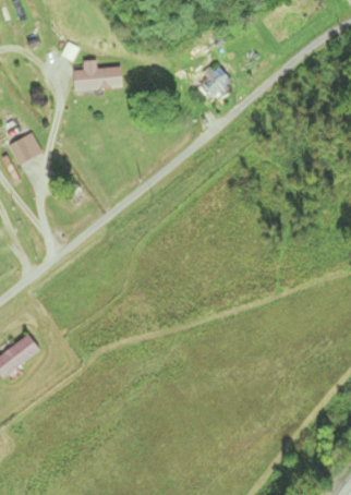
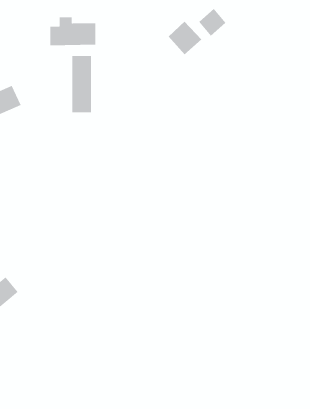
building: none -> [198,8,226,36]
building: none -> [72,55,92,113]

